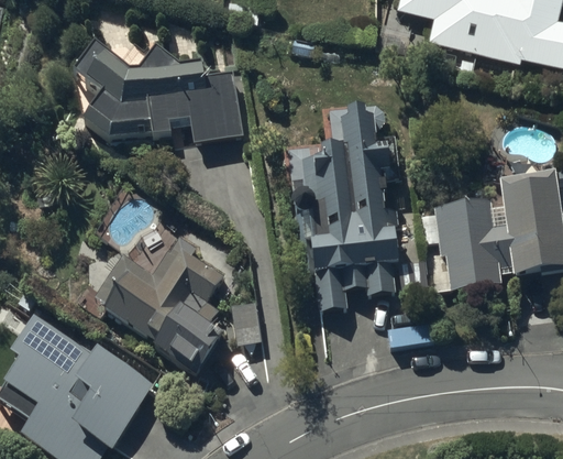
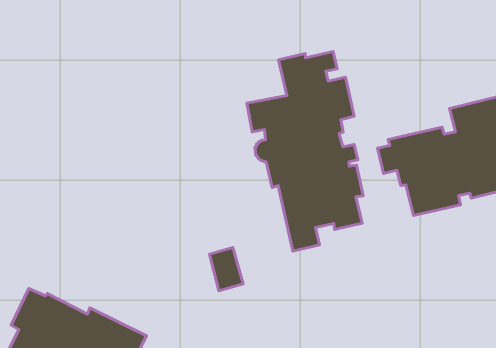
building: [75,44,242,142] -> none
building: [97,236,224,374] -> none

